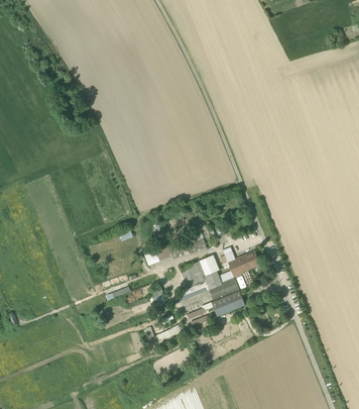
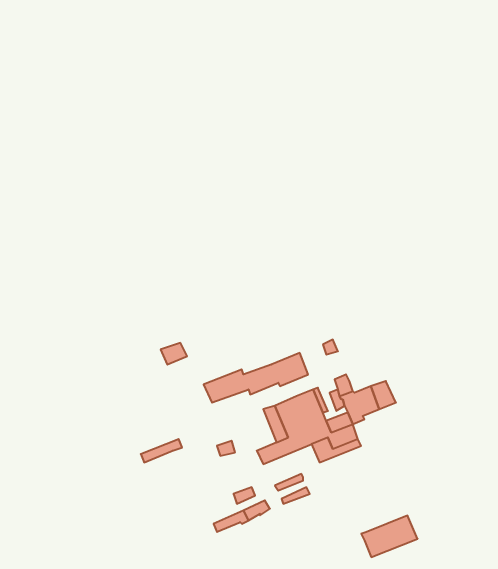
building: [212,292,246,317] -> [361,516,418,557]

